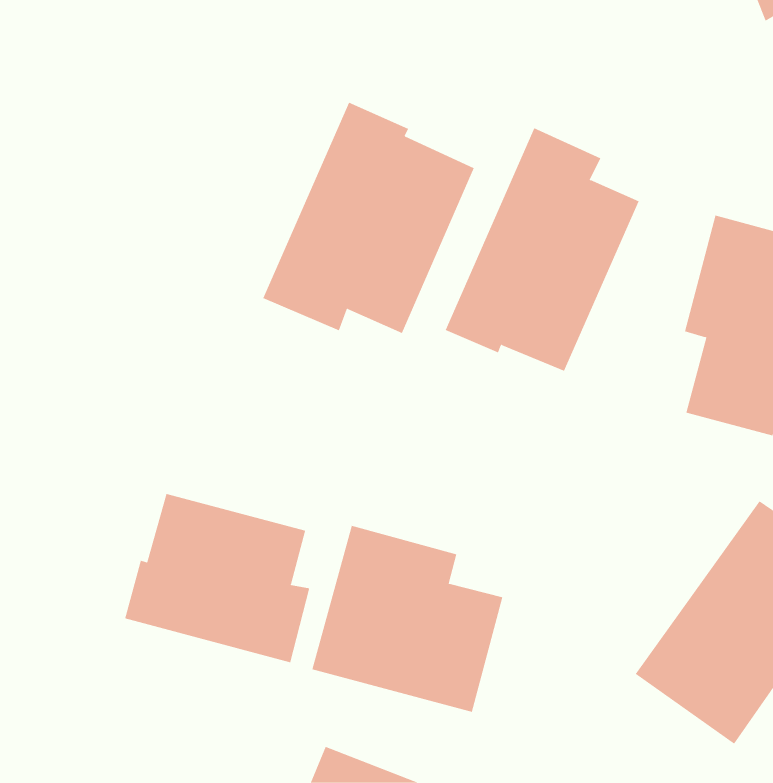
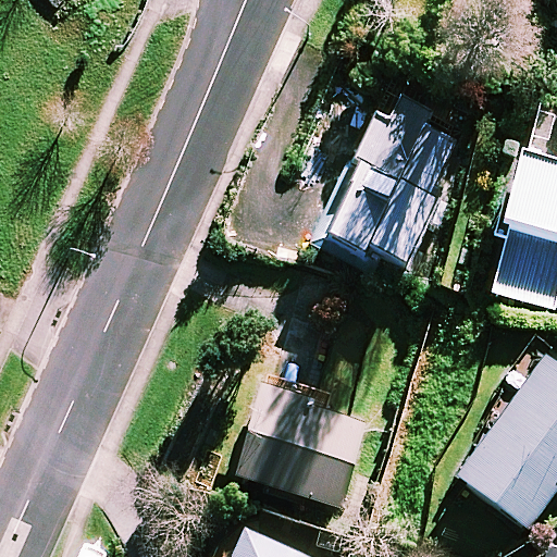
building: [262,102,475,334] -> none
building: [124,493,310,663] -> none

